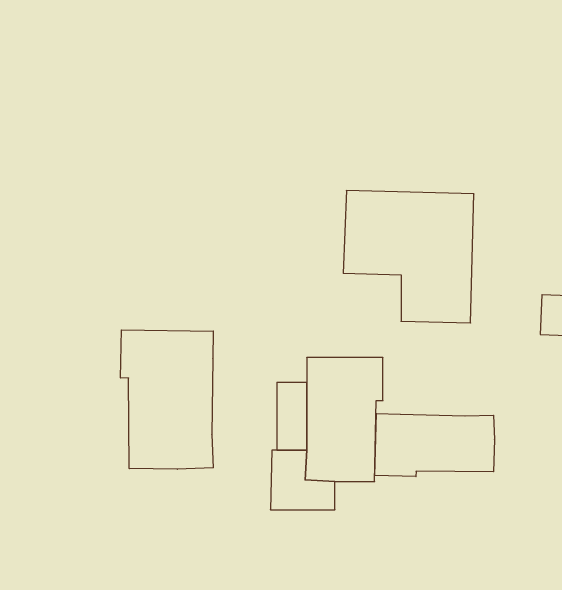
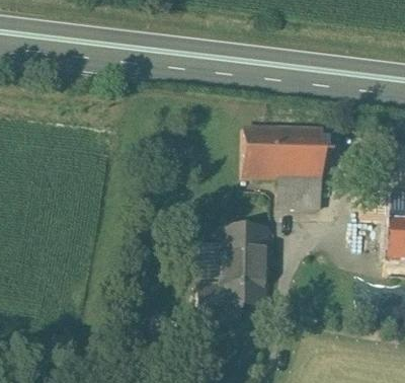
building: [121,330,213,469] -> none
building: [375,414,494,477] -> none

